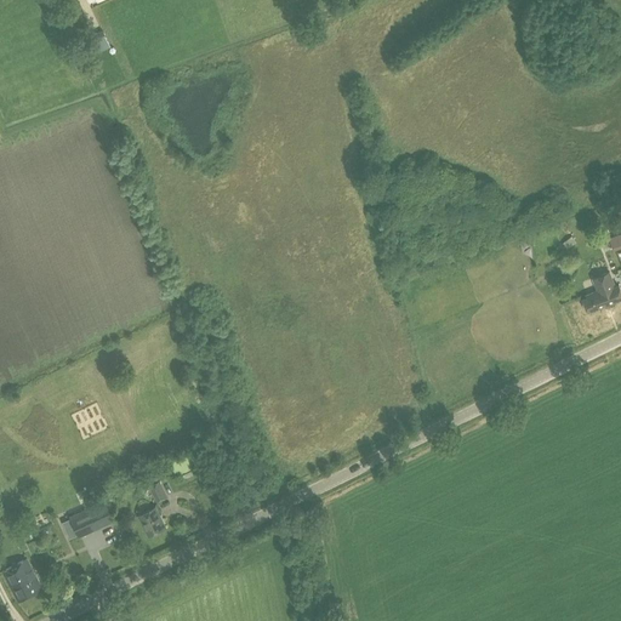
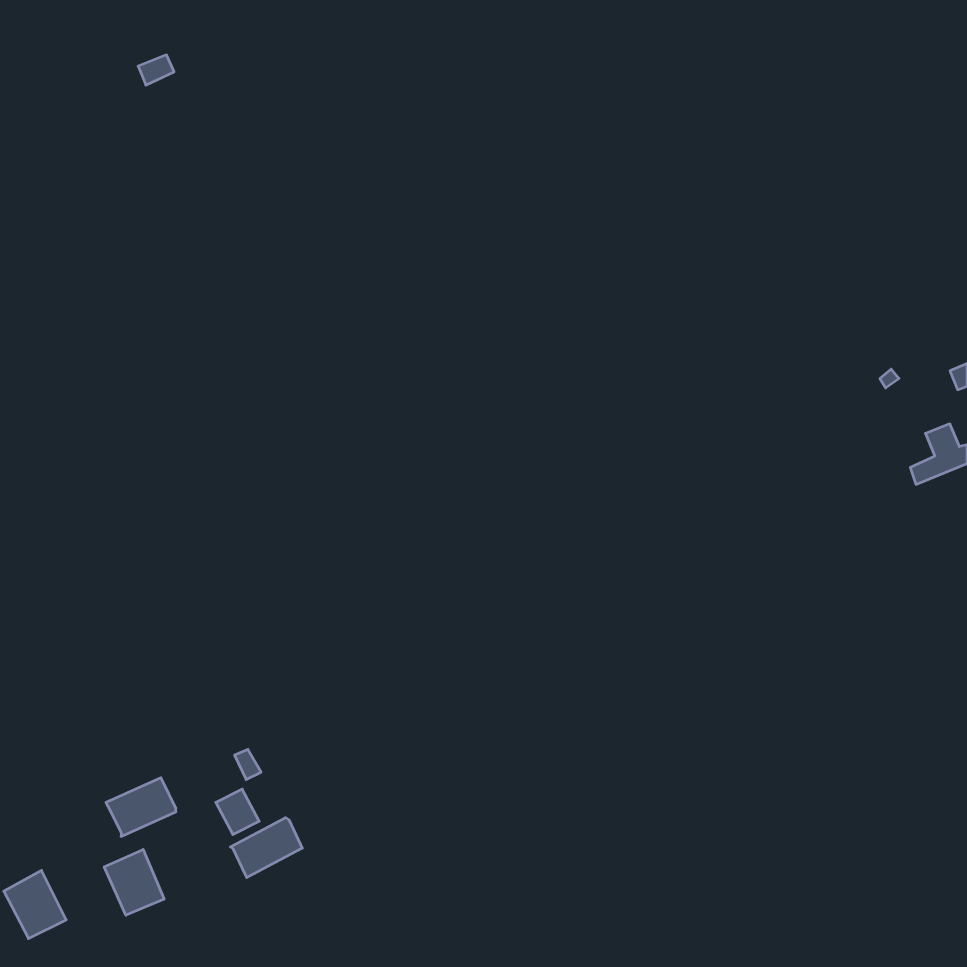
building: none -> [230,818,302,878]
building: none -> [104,849,164,915]

